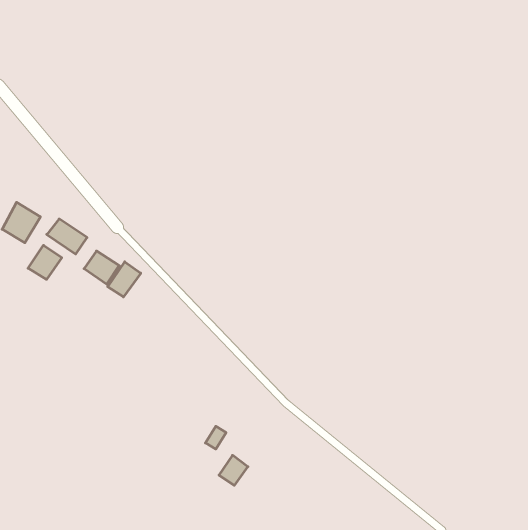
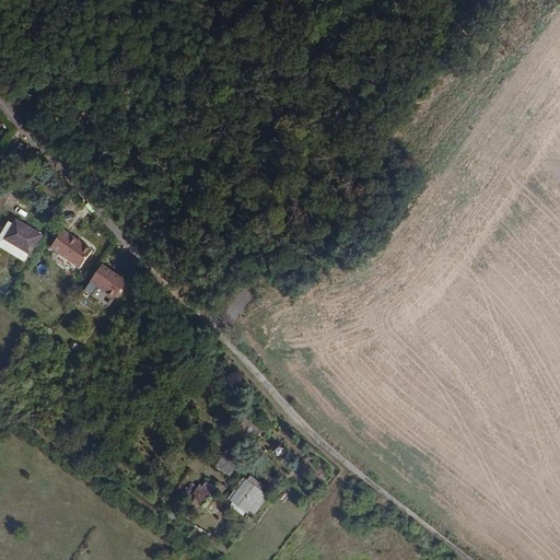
building: [28,245,62,279] -> none
building: [108,262,141,297] -> none

